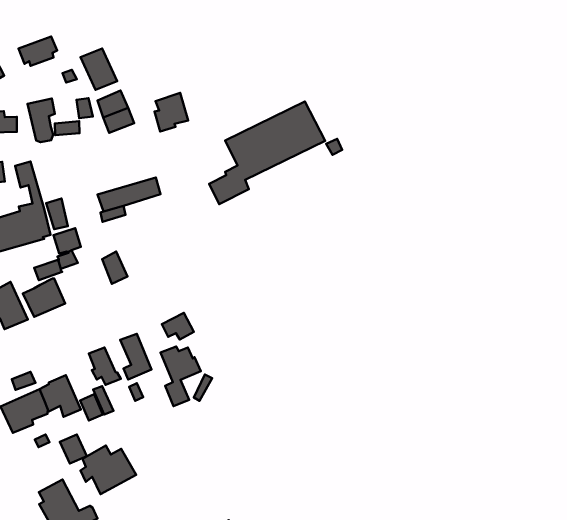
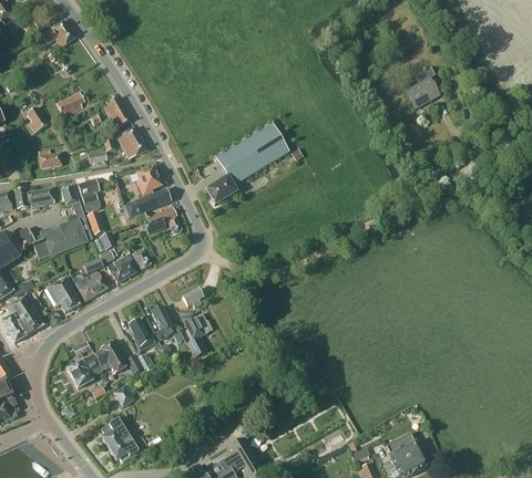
building: none -> [405,65,440,107]
building: [155,93,188,131] -> [136,165,162,195]
building: [28,99,55,142] -> [78,178,99,211]
building: none -> [144,206,182,233]
building: none -> [106,254,136,282]
building: [80,445,136,494] -> none

